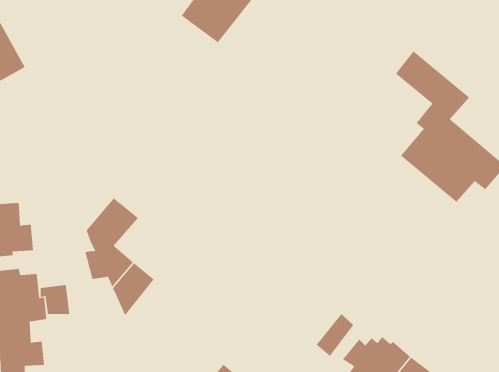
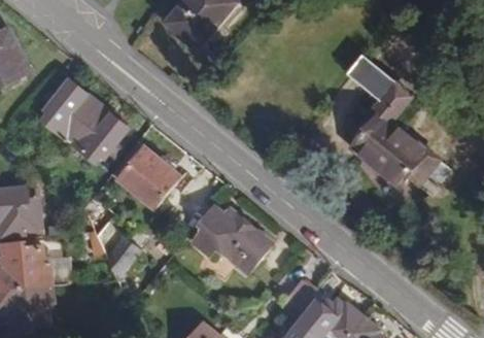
building: none -> [45,81,130,161]
building: none -> [111,141,180,207]
building: none -> [193,207,271,273]

